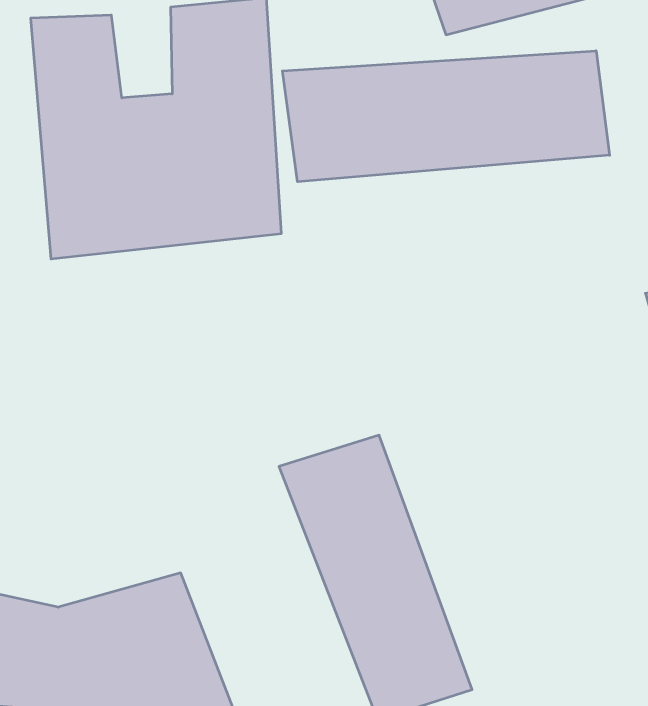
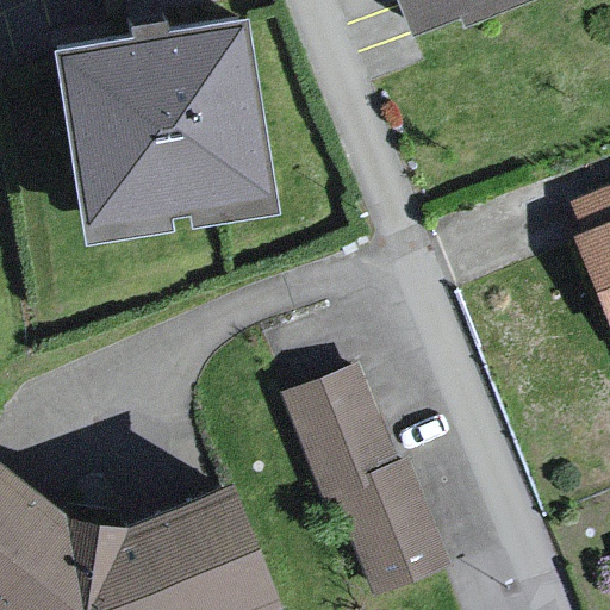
building: [282,51,610,182] -> none

